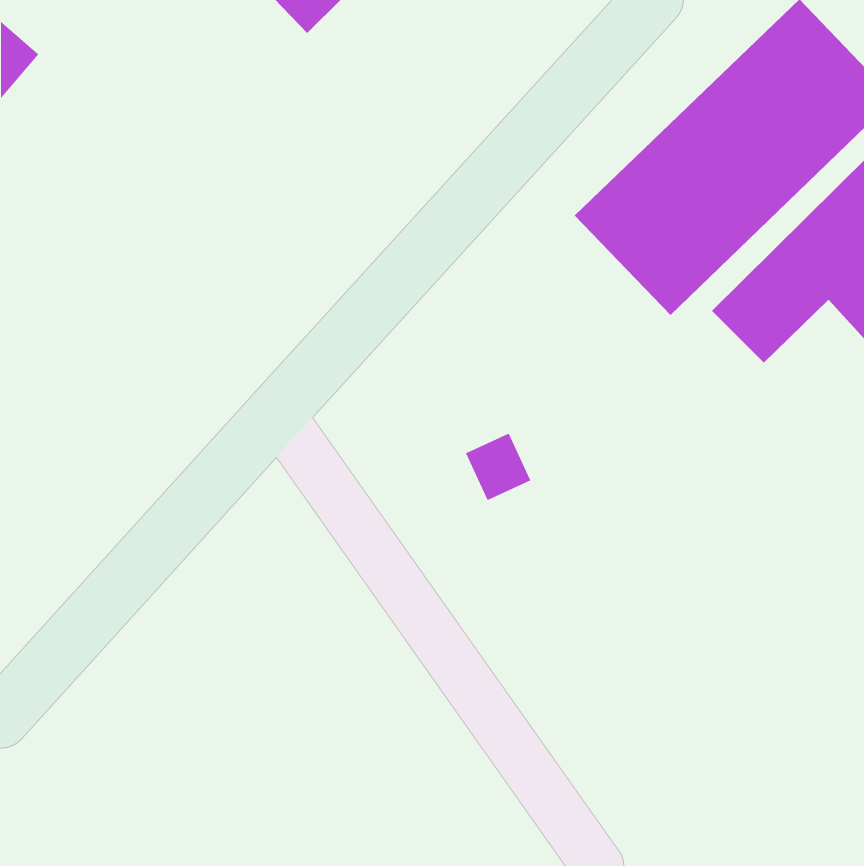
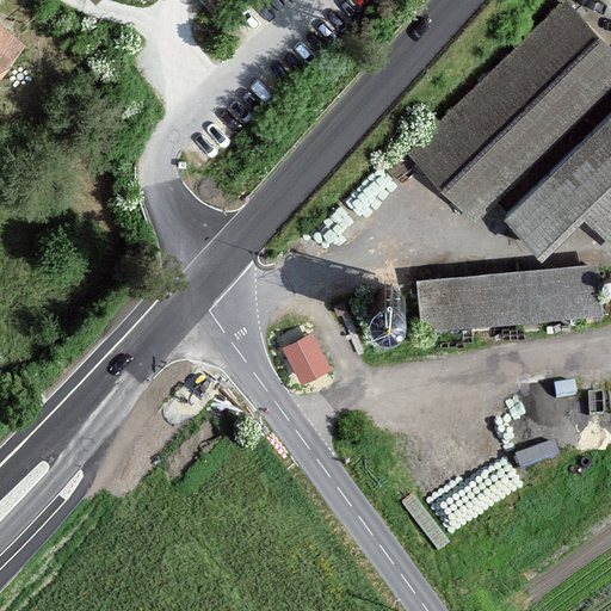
building: none -> [415,264,605,332]
building: [465,433,531,501] -> [284,335,331,383]

